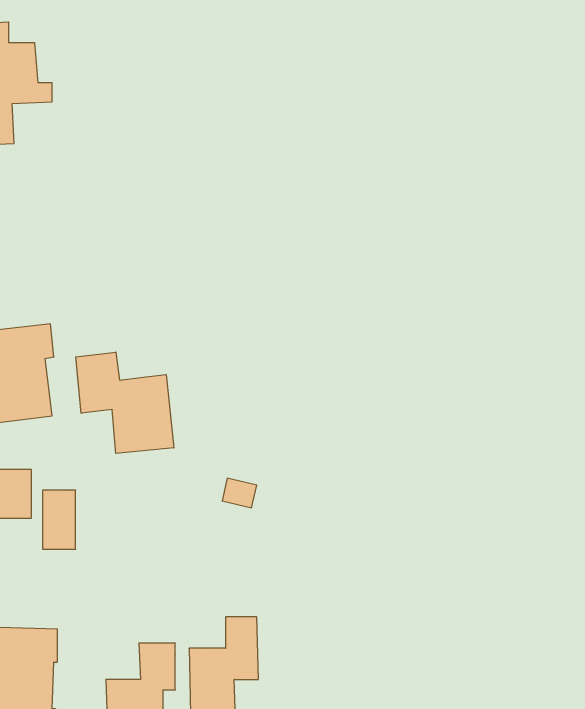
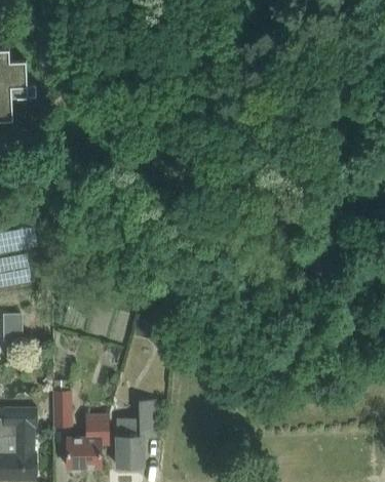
building: [76,352,174,453] -> none
building: [43,490,76,549] -> [50,392,70,427]

